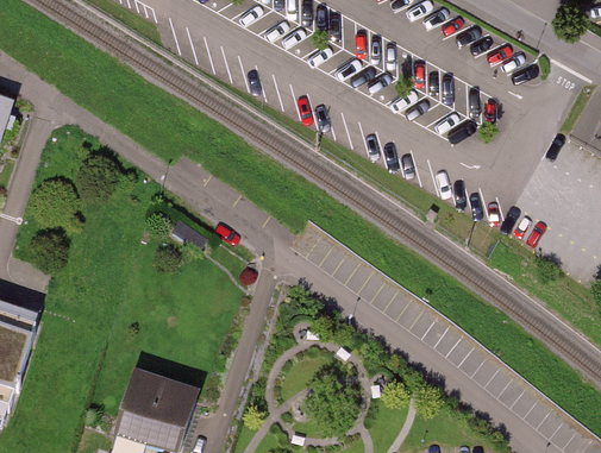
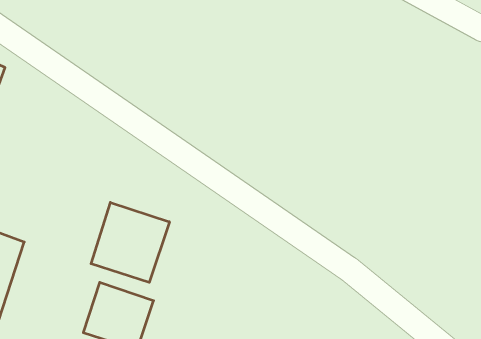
building: none -> [91,202,169,282]

